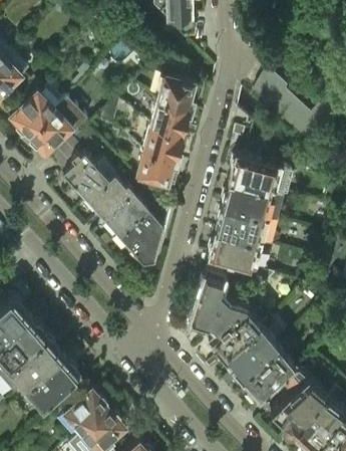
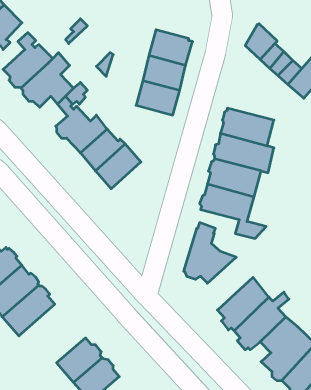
building: [135,153,180,188] -> none
building: [117,203,169,264] -> none
building: [208,306,261,360] -> none
building: [20,354,77,409] -> none

